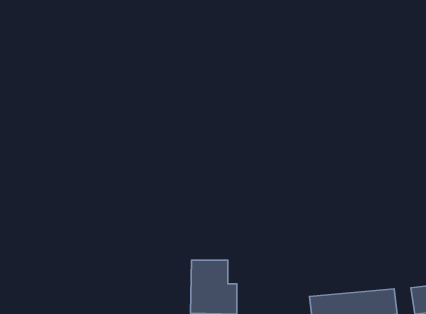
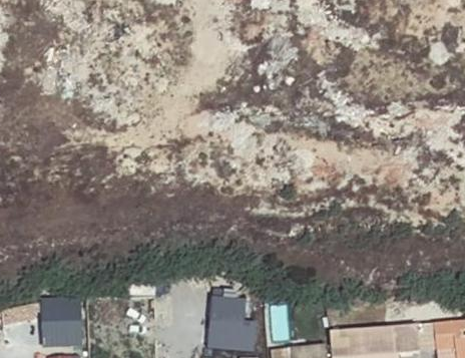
building: none -> [43,295,83,346]

